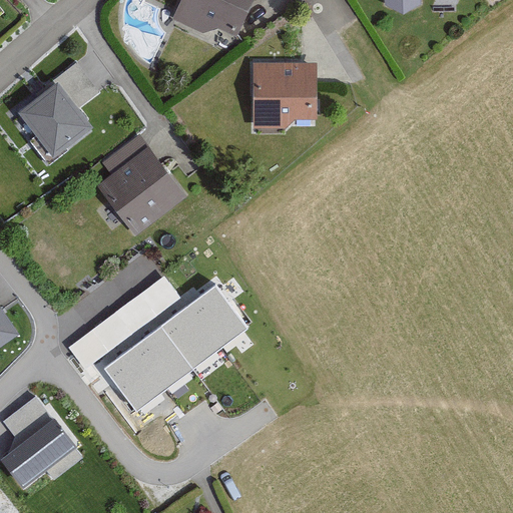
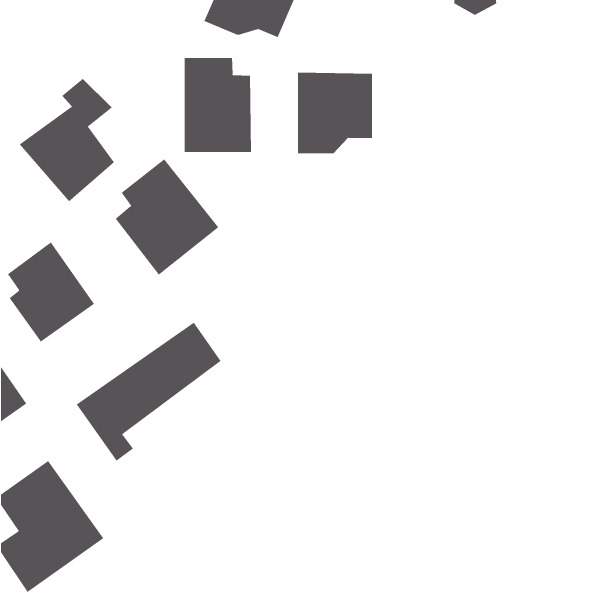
building: none -> [184,57,251,153]
building: none -> [7,242,95,342]
building: [104,284,248,411] -> none

